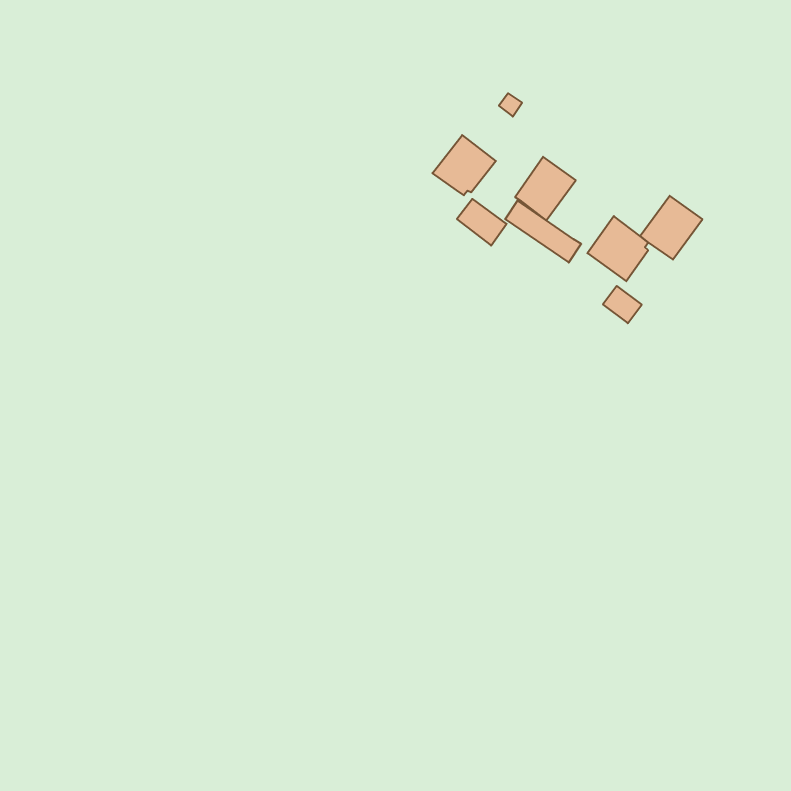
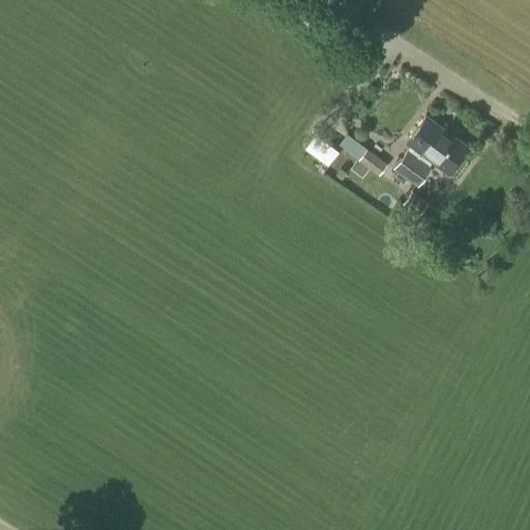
building: [432,135,496,195] -> none
building: [515,157,576,220] -> [408,117,448,159]

